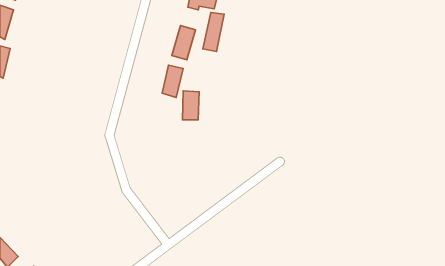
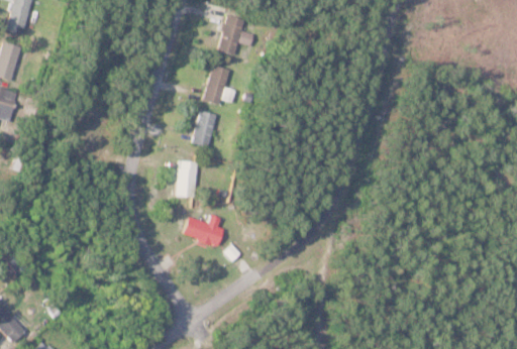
building: [203,13,224,52] -> none
building: [182,91,199,120] -> [177,161,196,195]
building: none -> [182,217,224,245]

